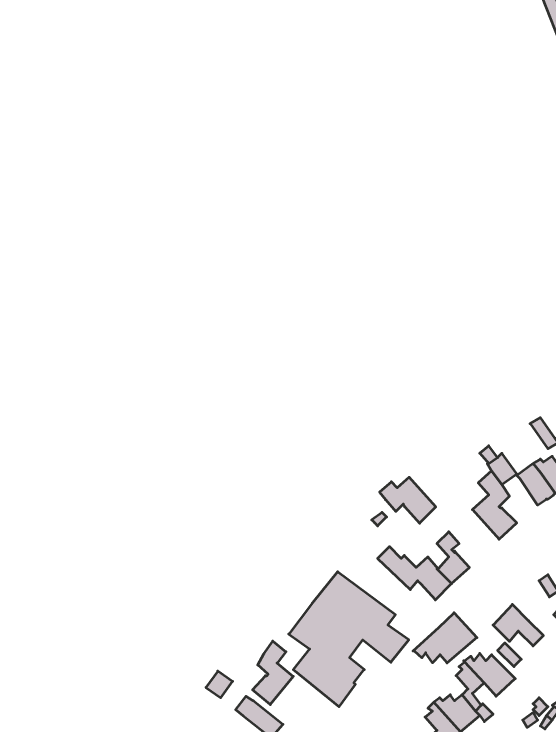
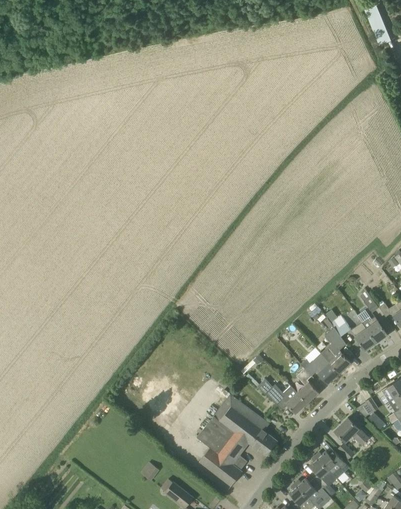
building: [380,477,436,523] -> [301,354,339,385]
building: [413,613,477,663] -> none
building: [253,641,293,705] -> none

